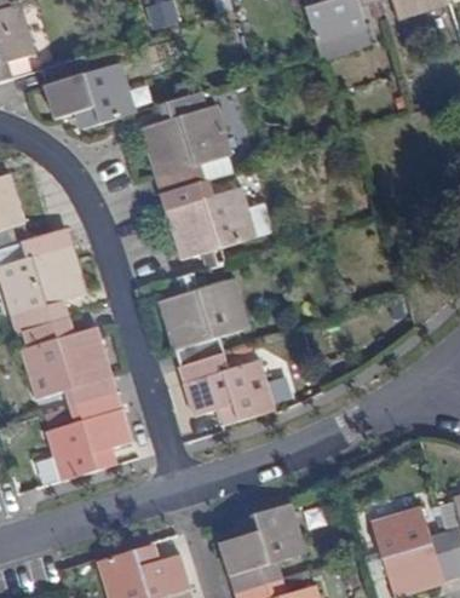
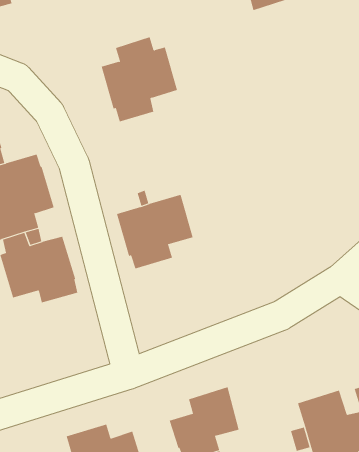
building: [42,56,134,127] -> none
building: [162,180,257,268] -> none
building: [180,352,289,425] -> none
building: [46,393,131,481] -> none

